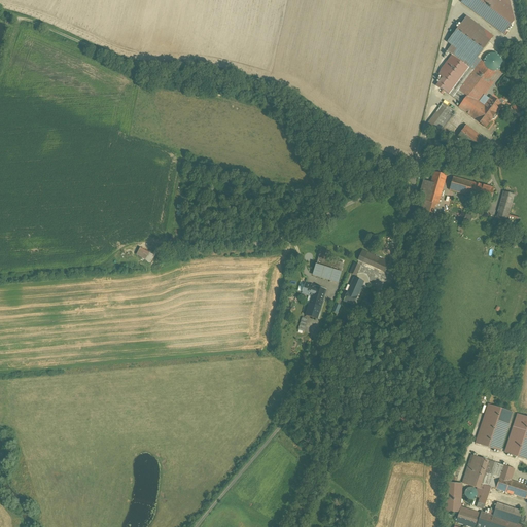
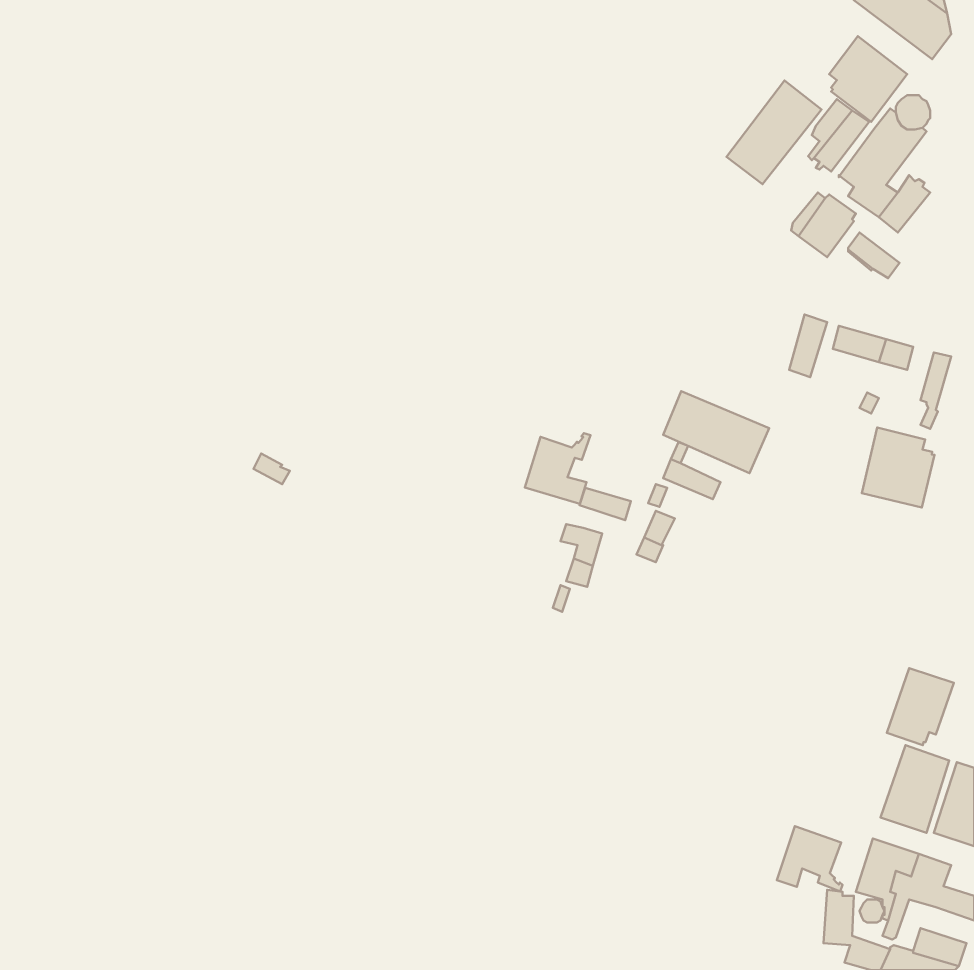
building: none -> [726,81,822,184]
building: none -> [663,391,769,473]
building: none -> [862,427,935,508]
building: none -> [525,433,591,504]
building: none -> [887,668,954,745]
building: none -> [777,826,843,892]

